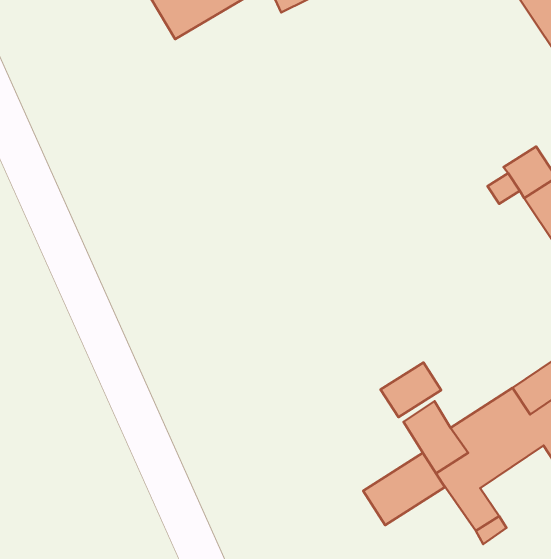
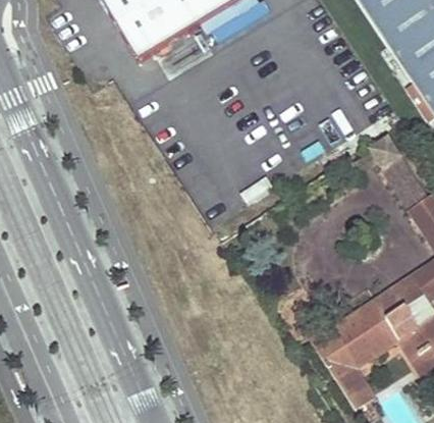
building: [381,362,441,417] -> none
building: [363,453,445,525] -> none

